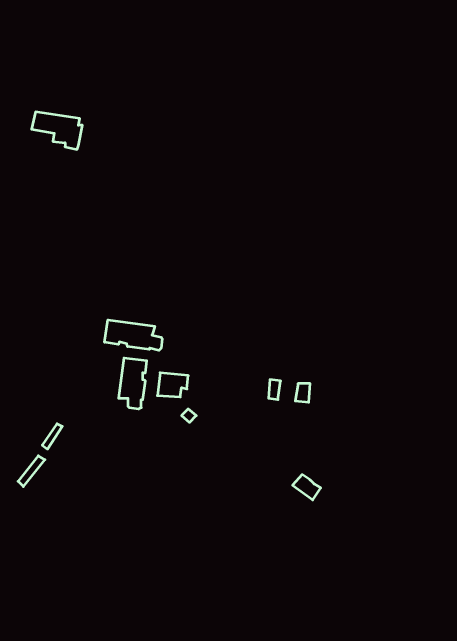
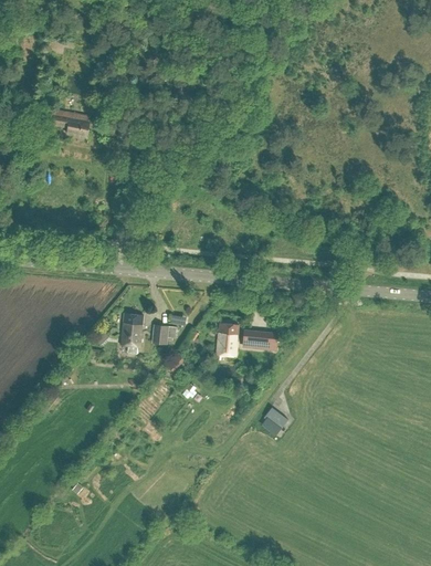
building: [105,320,162,350] -> none
building: none -> [214,322,239,356]

